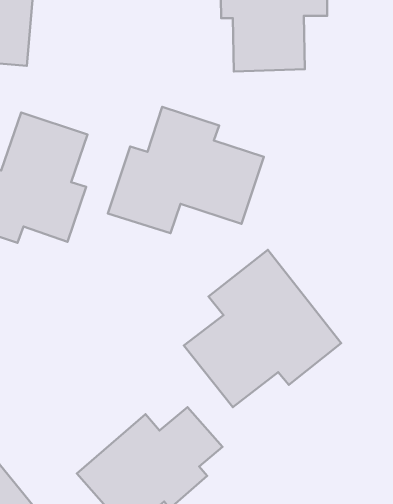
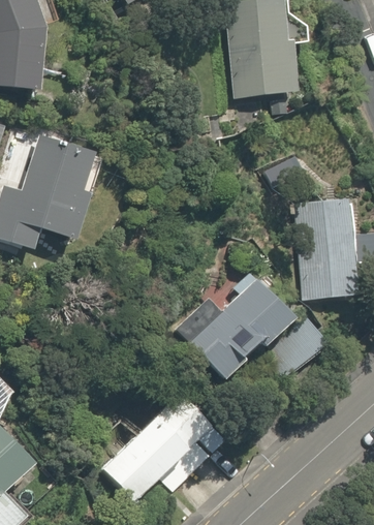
building: [108,107,264,233] -> none
building: none -> [295,189,357,298]

